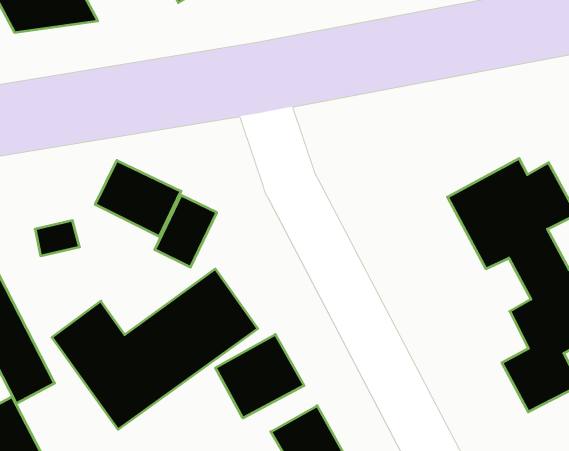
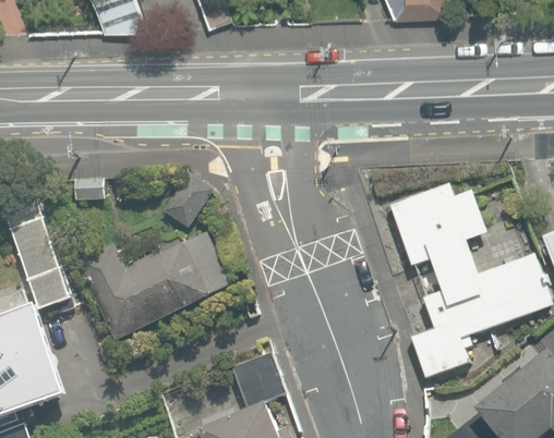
building: [95,160,181,237] -> none
building: [215,334,304,418] -> none

